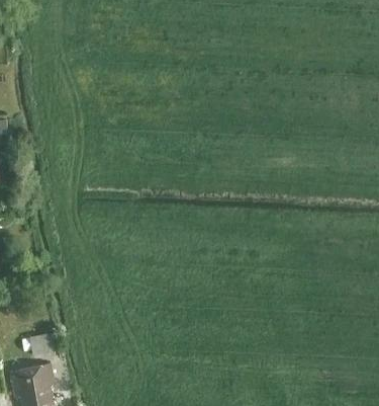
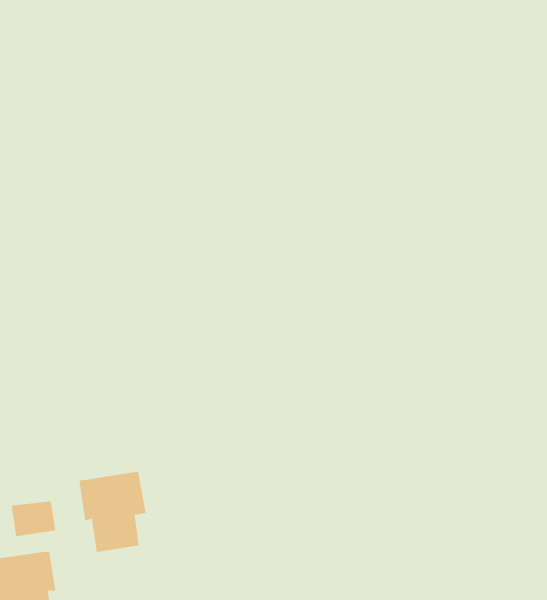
building: none -> [79,471,146,553]

